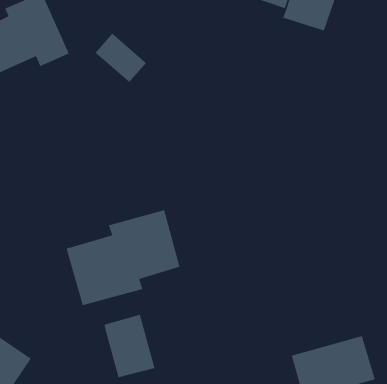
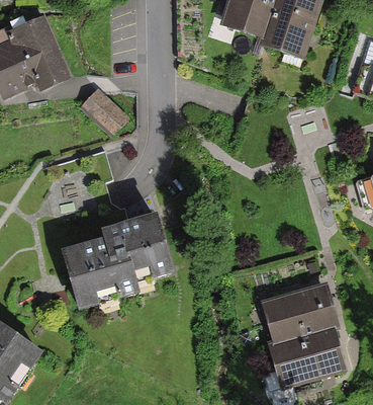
building: [94,33,147,83] -> [80,92,127,138]
building: none -> [263,287,340,344]
building: [103,314,155,378] -> none

